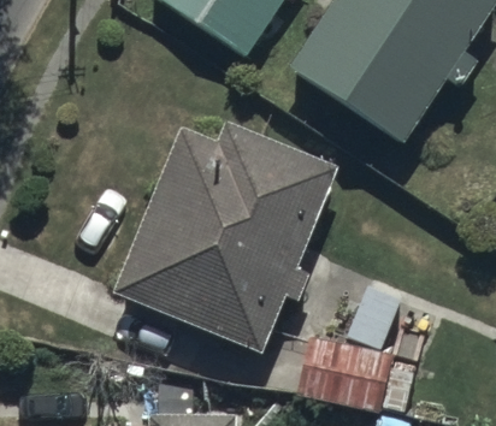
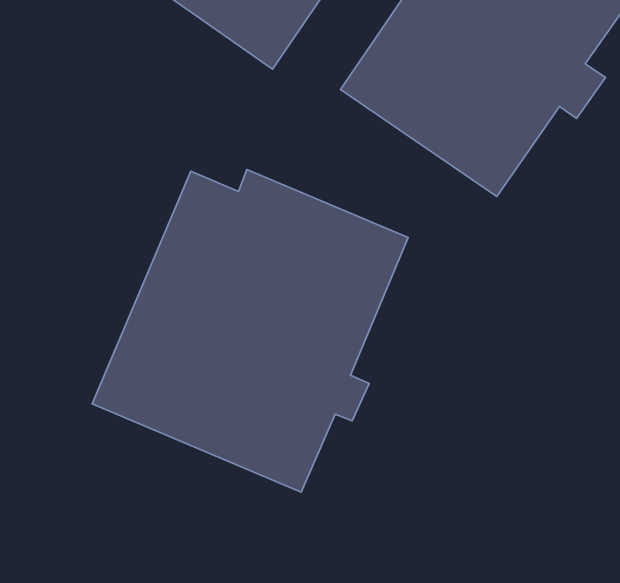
building: [295,285,407,409] -> none

